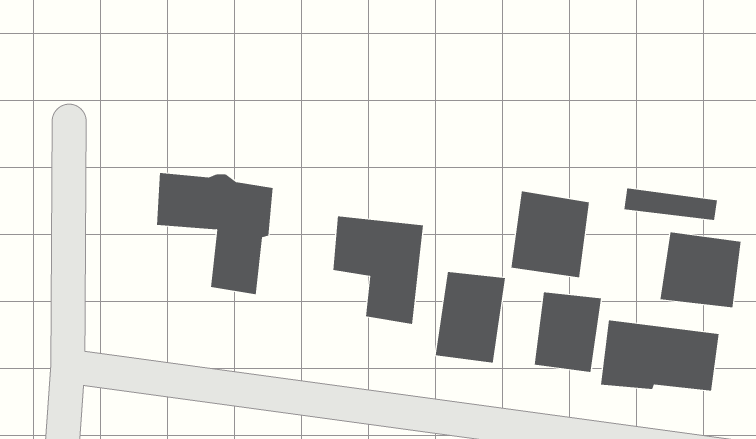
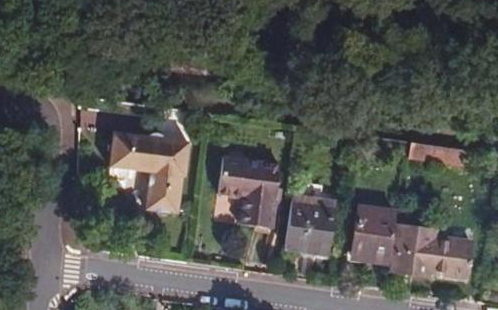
building: [511,191,589,278] -> none
building: [660,232,741,308] -> none

